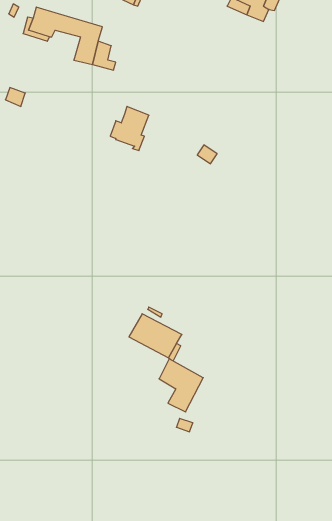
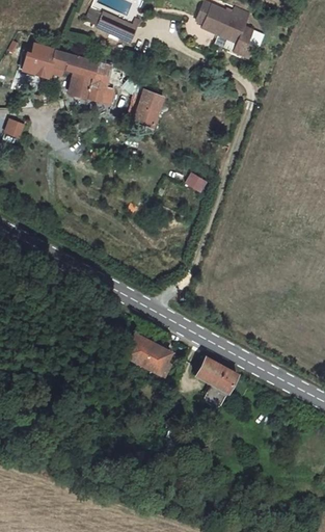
building: [110,106,149,151] -> [128,88,164,130]
building: [159,359,203,412] -> [195,355,237,405]

